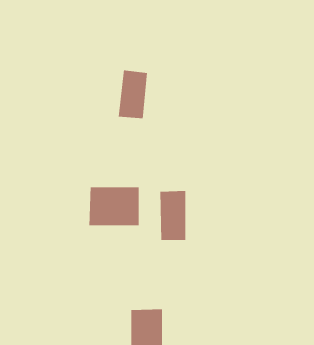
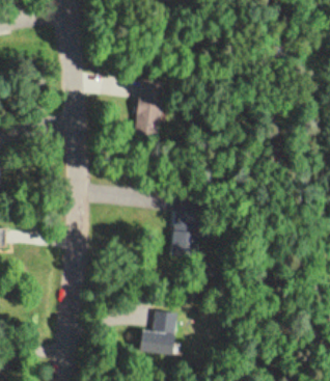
building: [89,186,139,226] -> none

